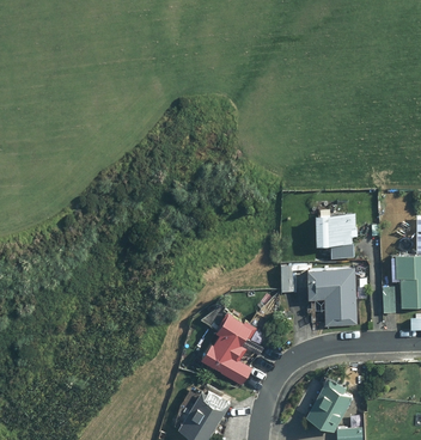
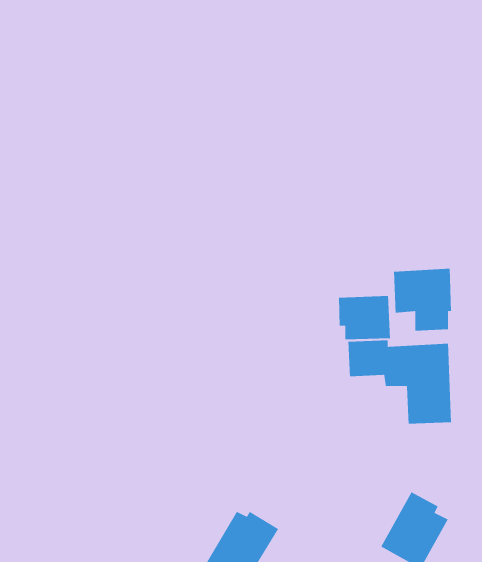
building: none -> [338,295,391,340]
building: [199,312,256,386] -> none

